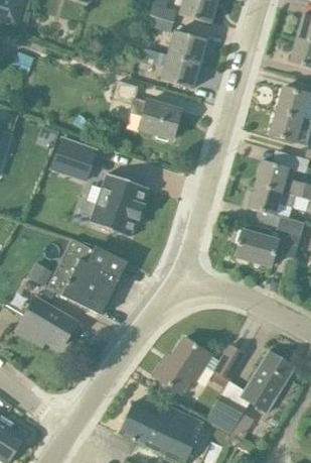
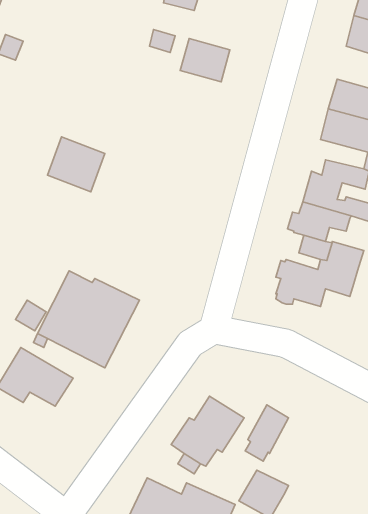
building: [167,29,206,64] -> none
building: [113,80,180,138] -> none
building: [90,173,147,238] -> none
building: [241,350,295,414] -> none

